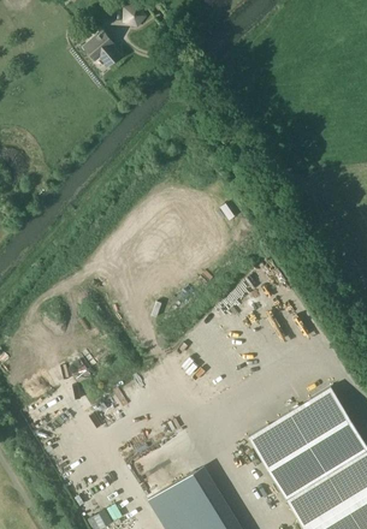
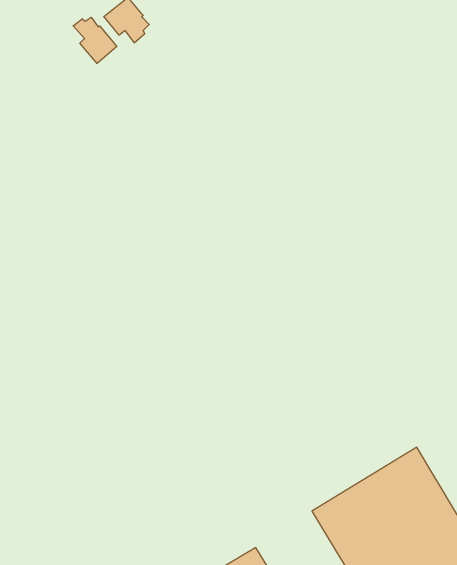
building: none -> [73,17,117,63]

